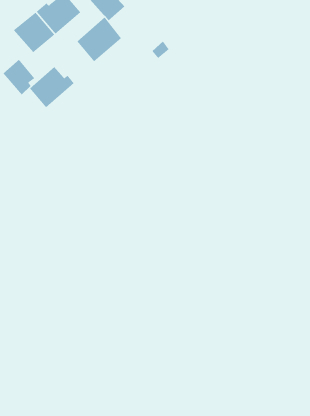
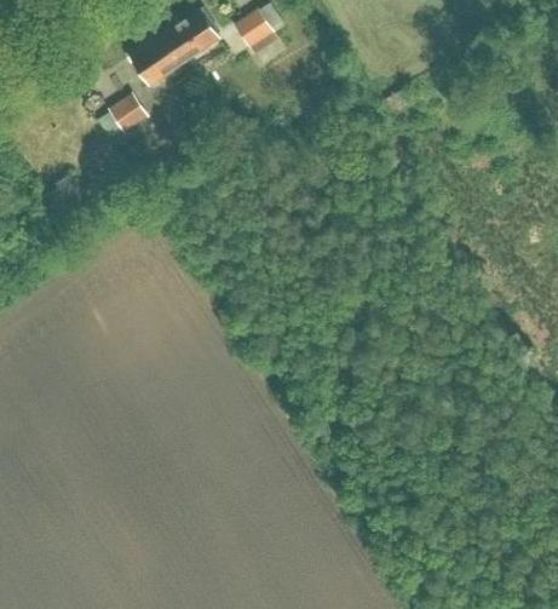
building: [76,16,122,62] -> none
building: [29,66,74,108] -> none

